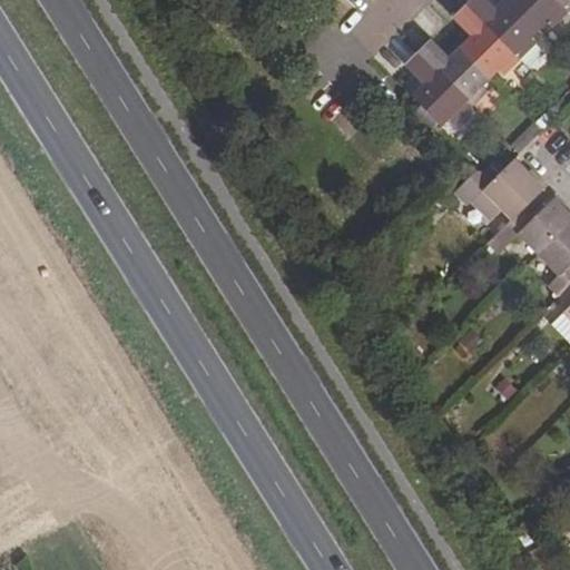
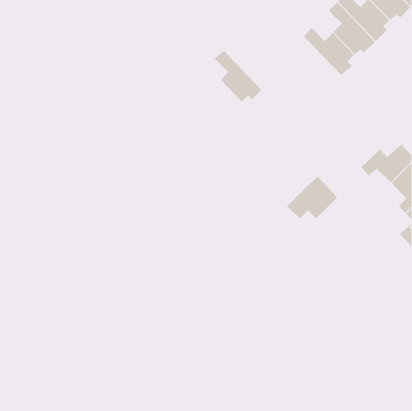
building: [404,50,471,122] -> [214,50,262,103]
building: [471,157,542,217] -> [286,176,338,219]

